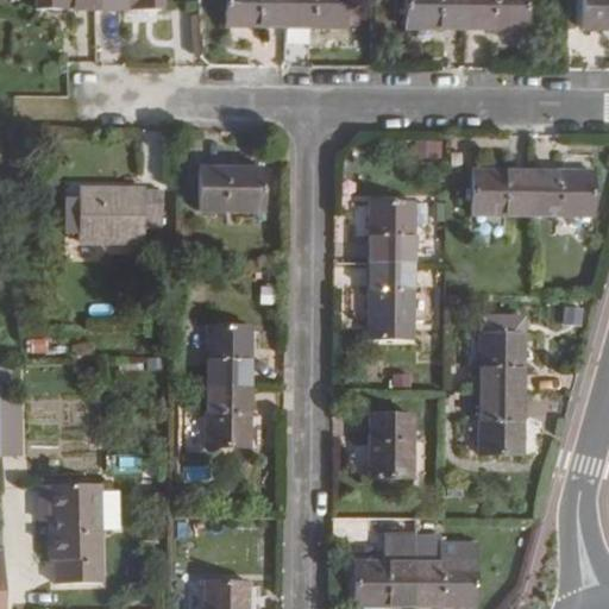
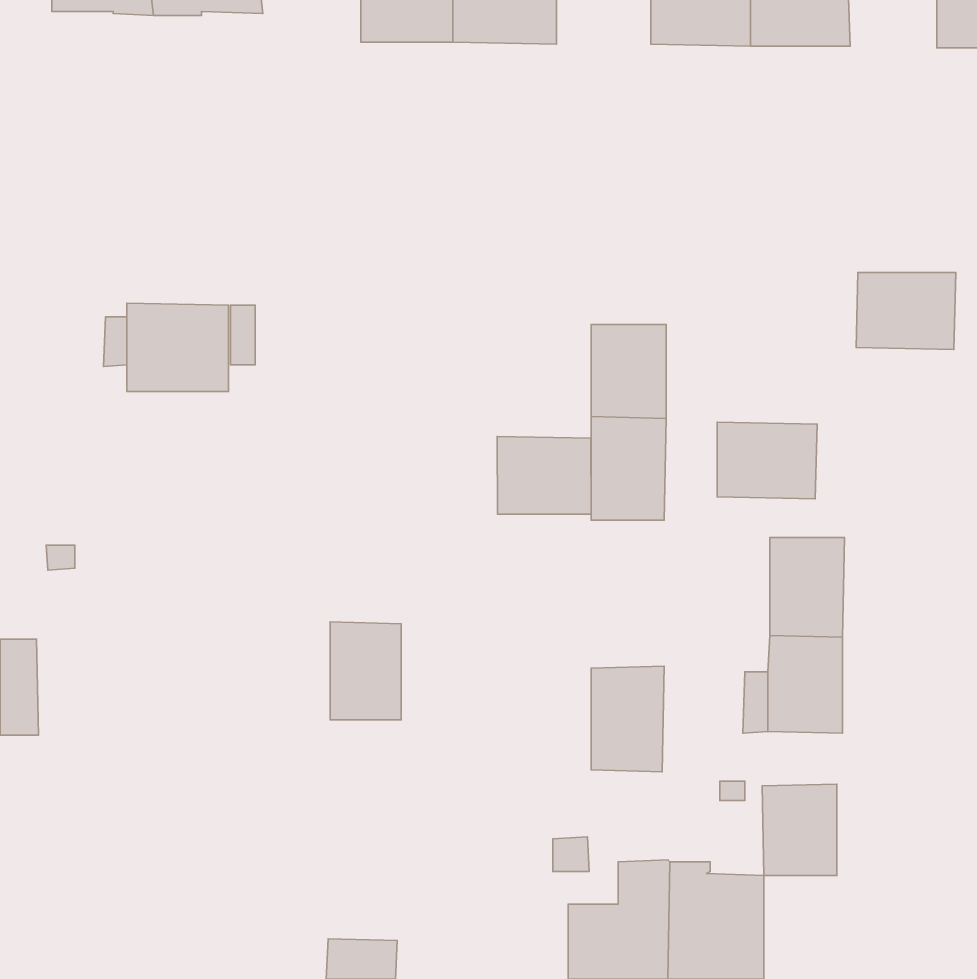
building: [199,167,263,212] -> none
building: [472,168,534,215] -> [717,422,817,499]
building: none -> [497,436,591,514]
building: [207,325,252,387] -> none
building: [40,483,102,584] -> none
building: none -> [762,784,837,875]

